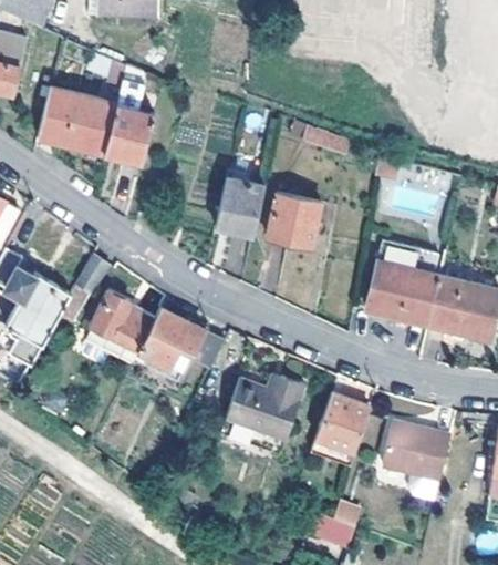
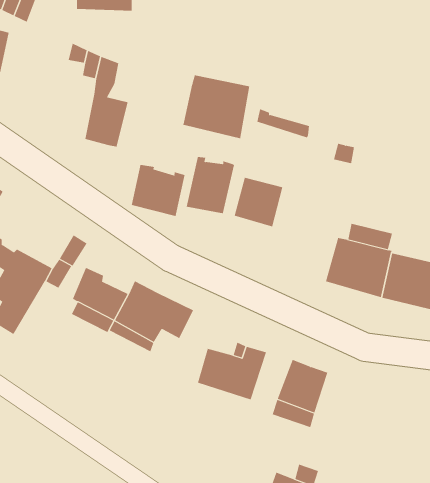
building: none -> [183,75,250,139]
building: [38,89,116,154] -> none
building: none -> [131,164,185,217]
building: [382,423,449,503] -> none

